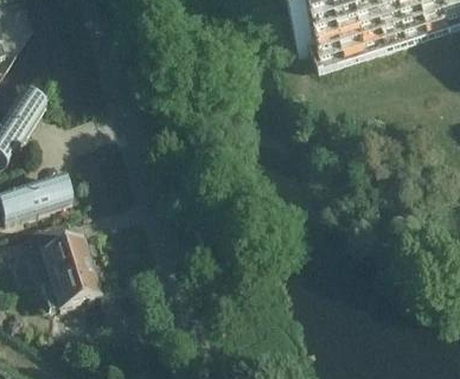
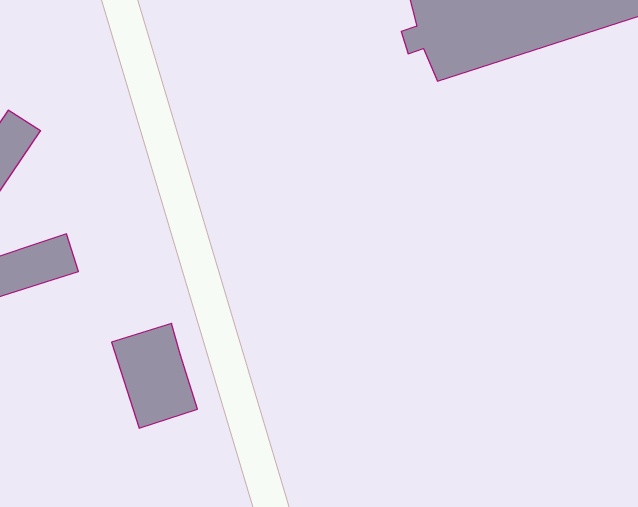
building: [40,233,100,306] -> [112,323,197,428]

